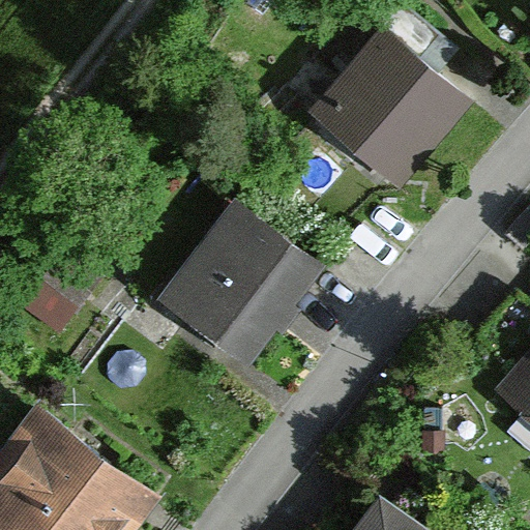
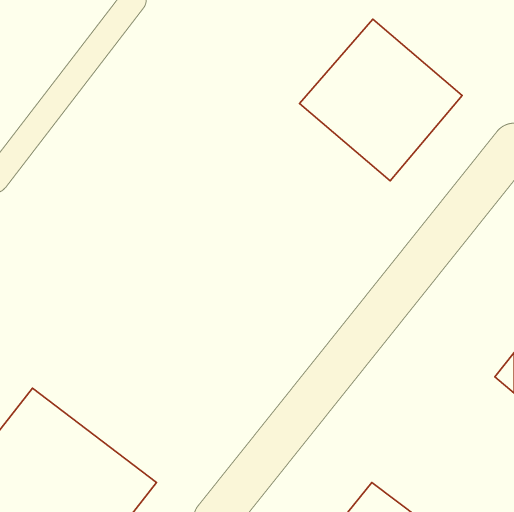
building: [157,195,327,366] -> none

